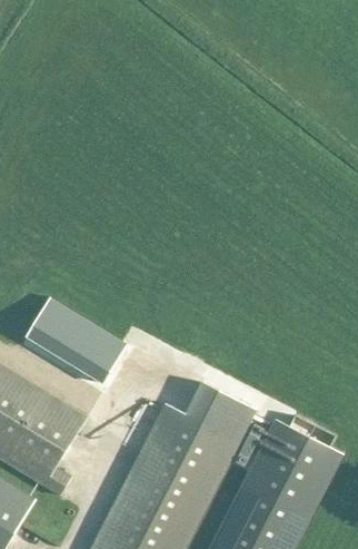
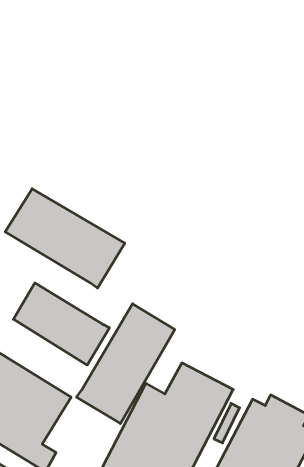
building: none -> [5,189,125,288]
building: none -> [77,304,175,424]

